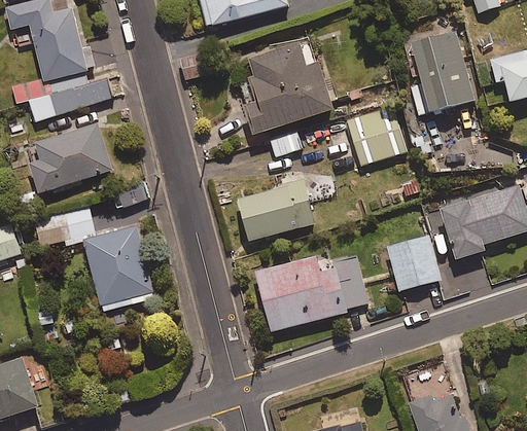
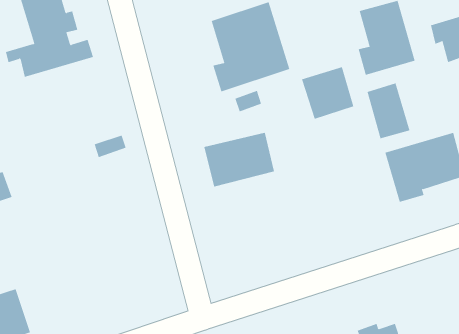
building: none -> [367,83,410,139]
building: [29,124,112,192] -> none
building: [35,209,155,311] -> none
building: [386,235,441,292] -> none
building: [255,255,370,331] -> none

